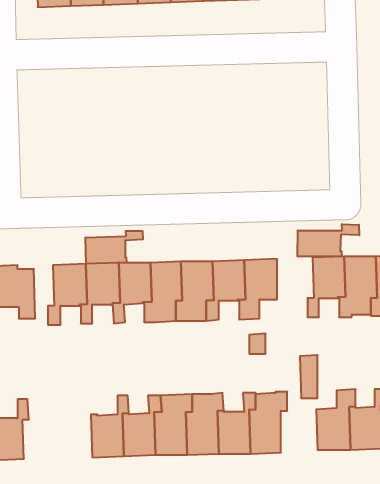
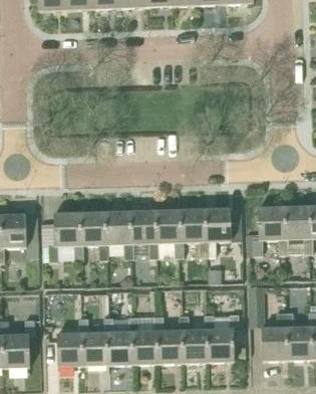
building: [297,224,359,256] -> none
building: [86,231,143,264] -> none
building: none -> [55,317,87,366]

